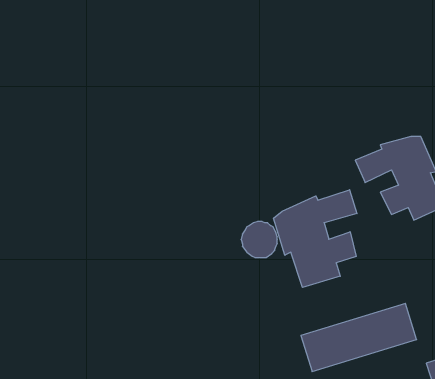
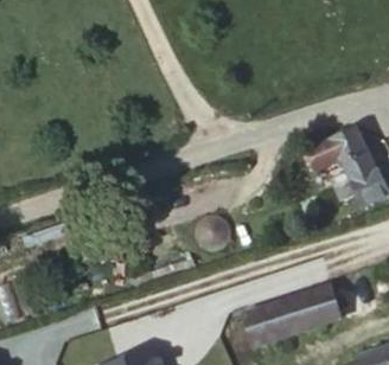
building: [274,190,357,287] -> none

